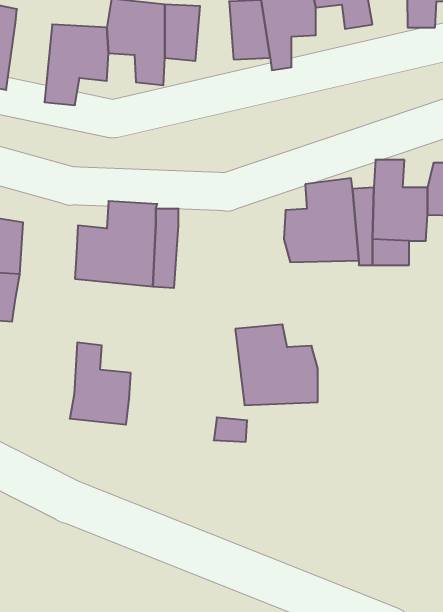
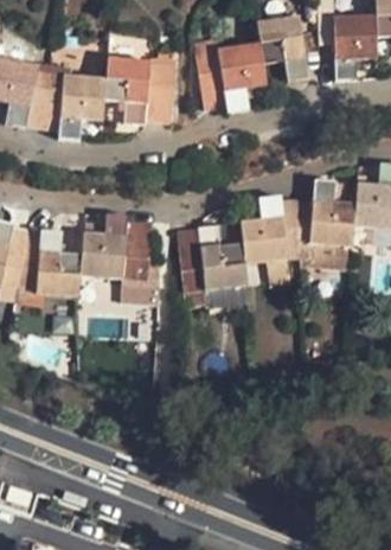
building: none -> [25,75,60,136]
building: [235,324,318,405] -> [181,226,245,289]
building: [70,342,131,425] -> [32,230,79,294]

